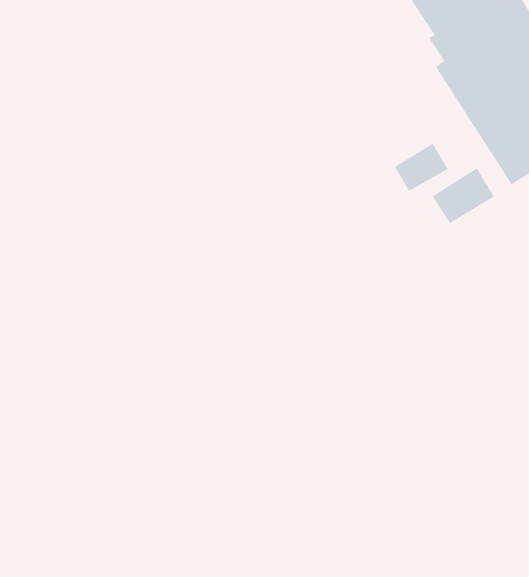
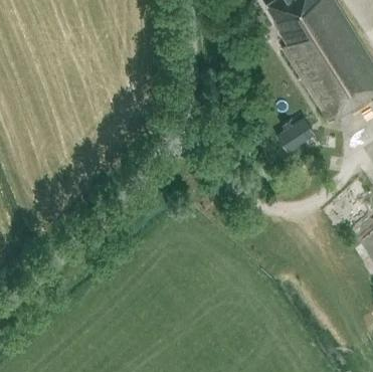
building: [394,143,449,192] -> none

